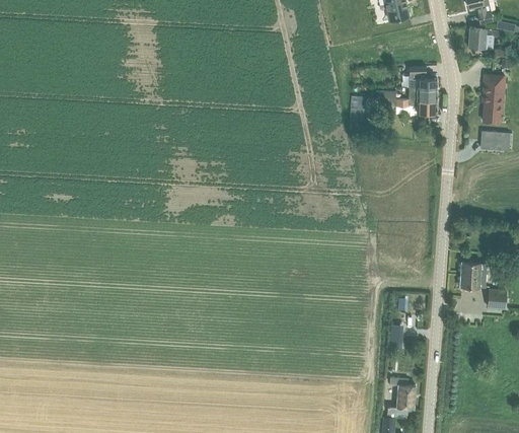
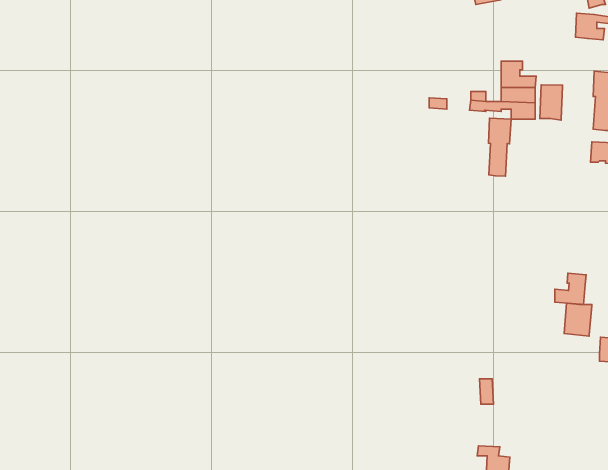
building: none -> [540,85,563,120]
building: none -> [489,118,511,176]
building: none -> [555,273,586,305]

